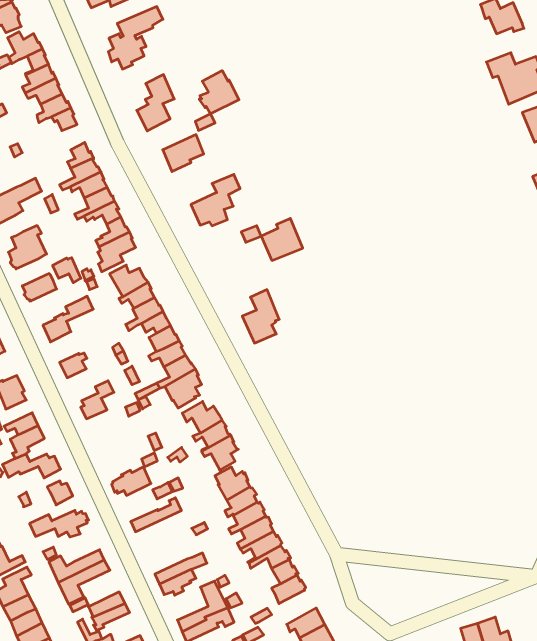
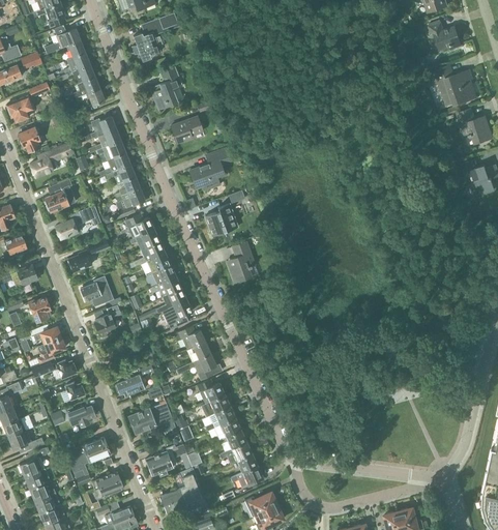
building: [199,71,239,114] -> none
building: [261,218,303,260] -> [206,203,238,235]
building: none -> [133,410,178,436]

